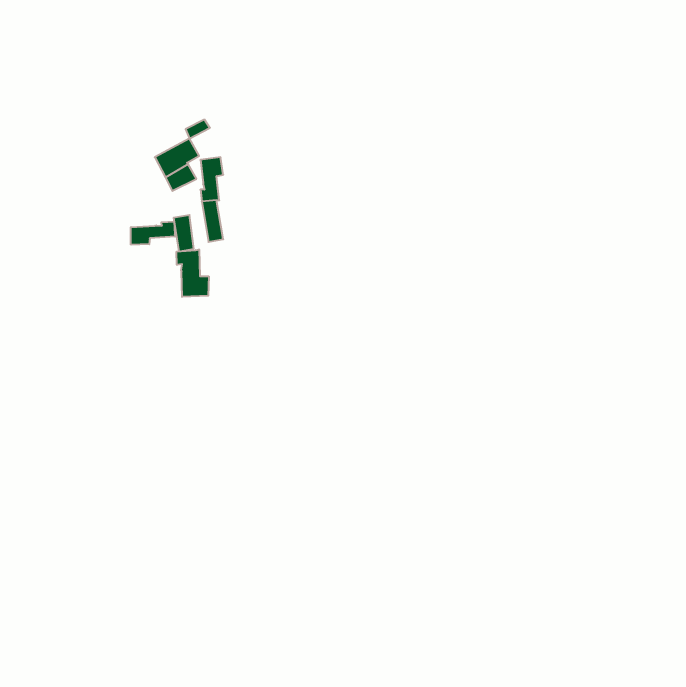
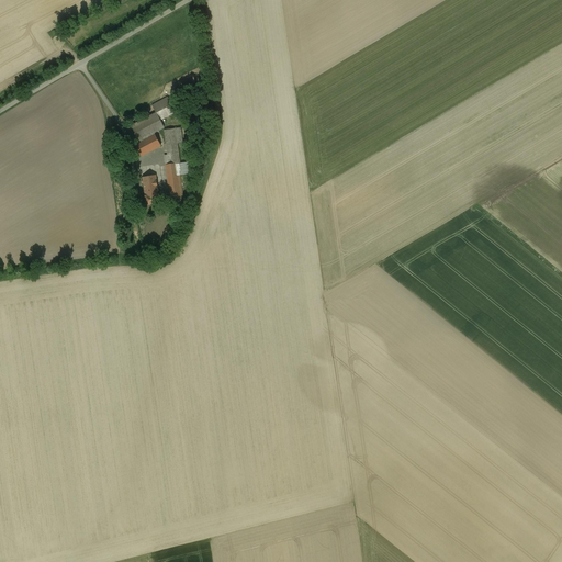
building: [131,221,175,245] -> none
building: [177,249,209,297] -> none

